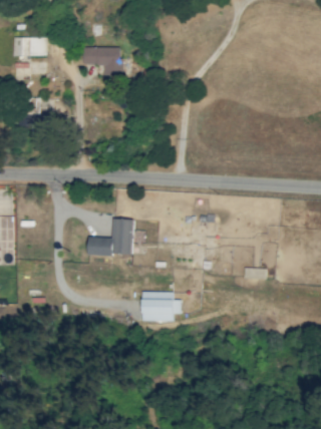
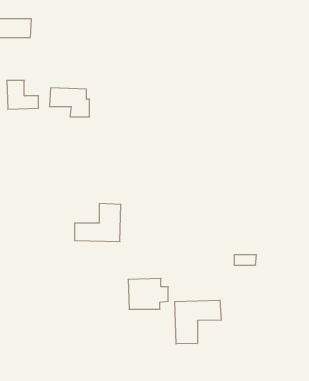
building: [82,46,121,74] -> [49,88,90,117]
building: none -> [175,300,221,344]

